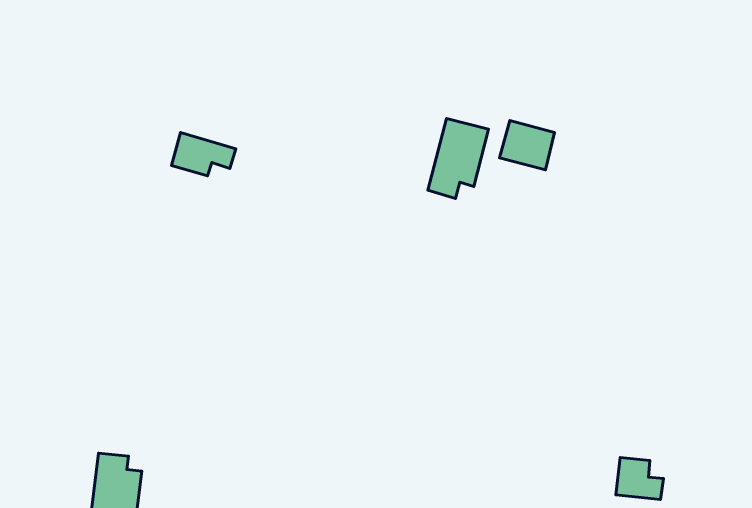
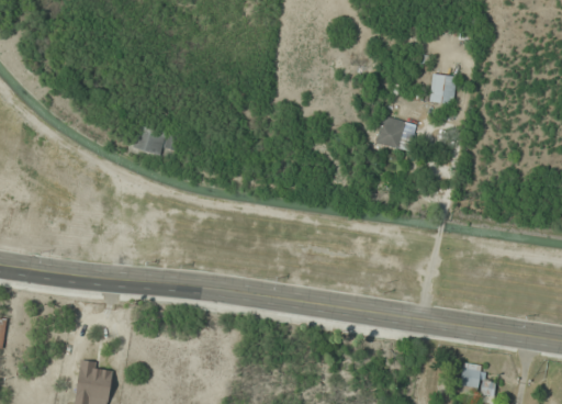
building: none -> [428,74,454,104]
building: [428,119,489,198] -> none

